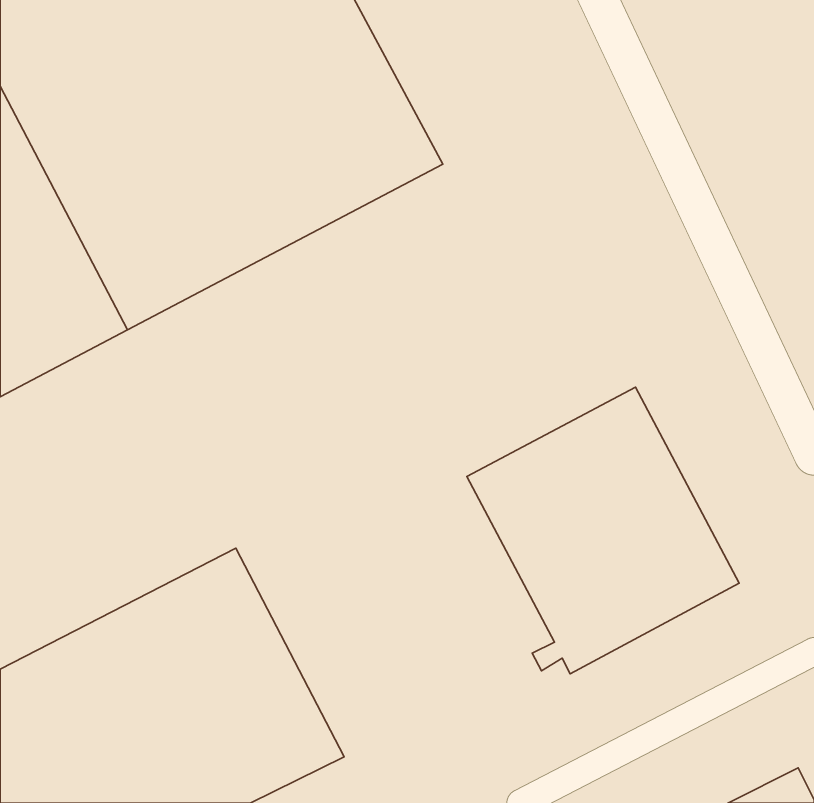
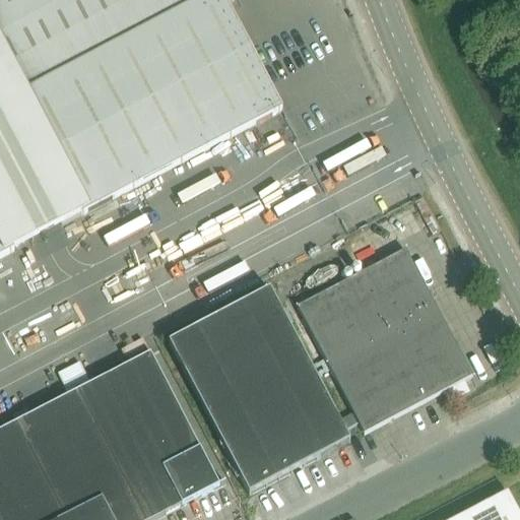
building: none -> [169,286,350,491]

